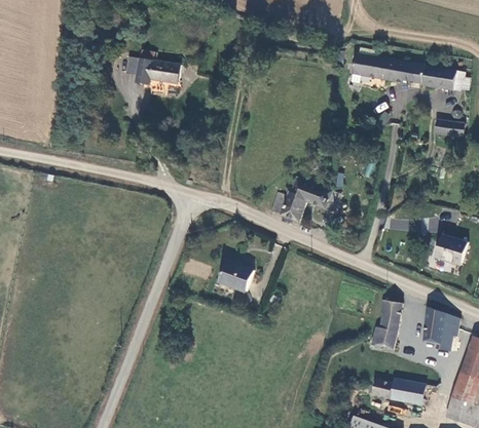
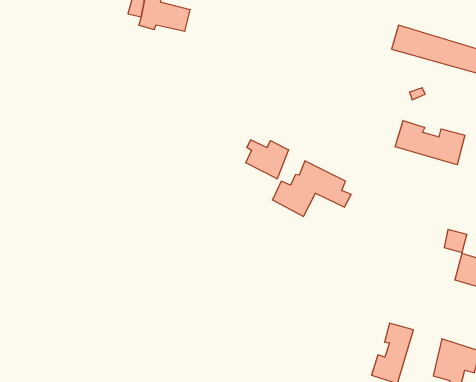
building: none -> [395,120,465,165]
building: none -> [246,140,289,179]
building: [219,261,254,293] -> none

